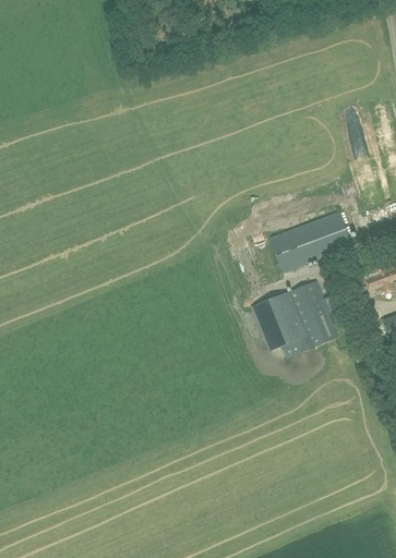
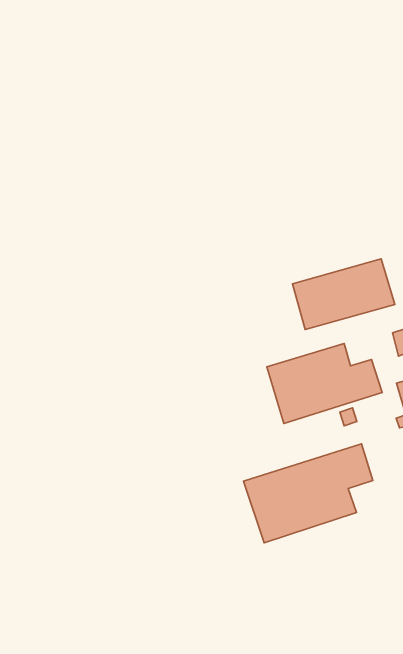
building: none -> [244,444,373,543]

